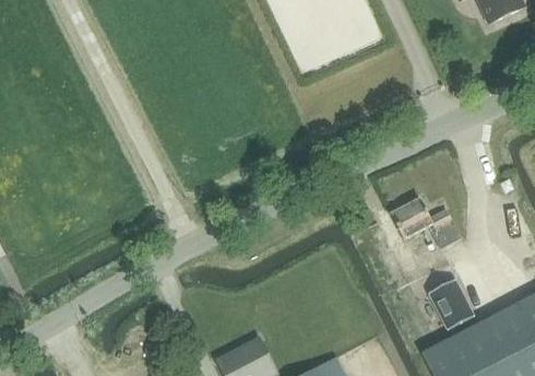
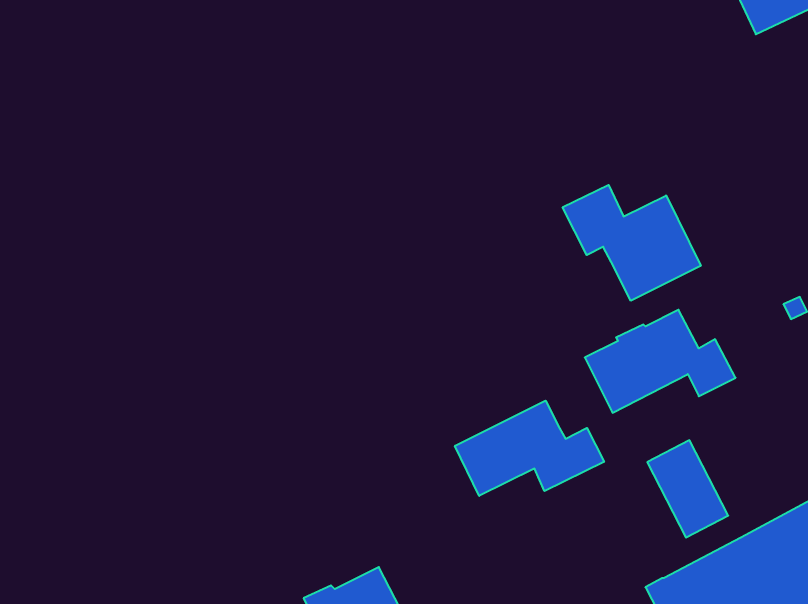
building: none -> [563,185,701,301]
building: none -> [455,401,604,496]

